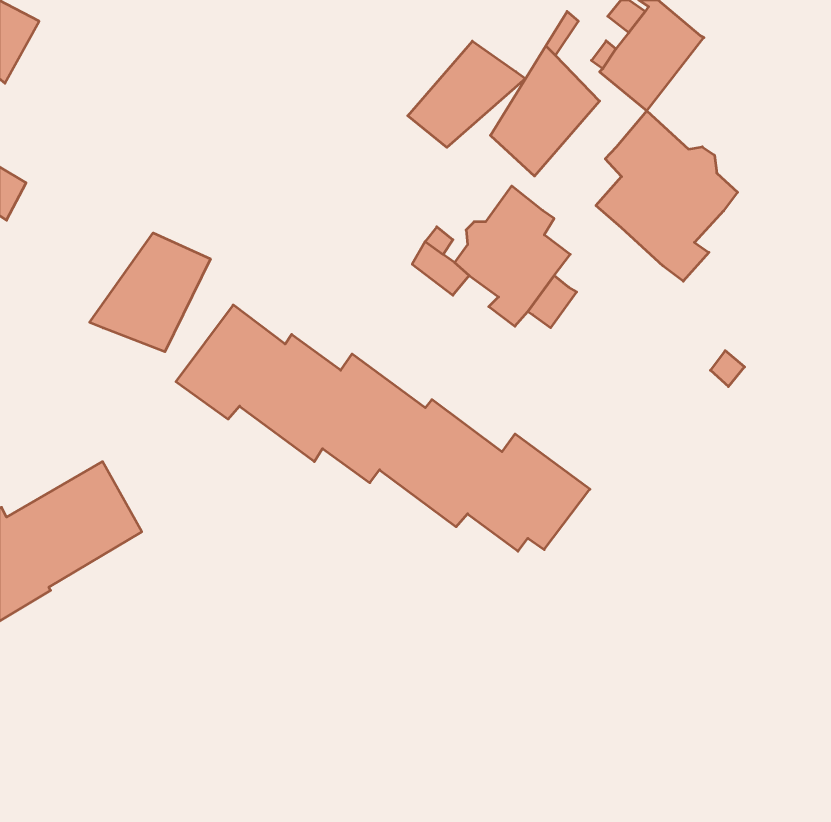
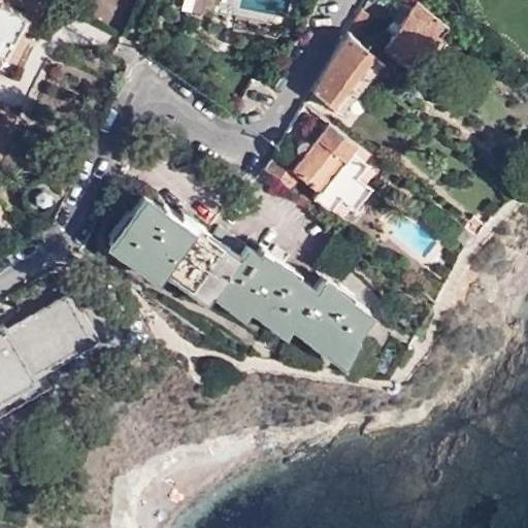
building: [408,41,525,147] -> none
building: [596,111,738,281] -> none
building: [90,233,210,352] -> none

